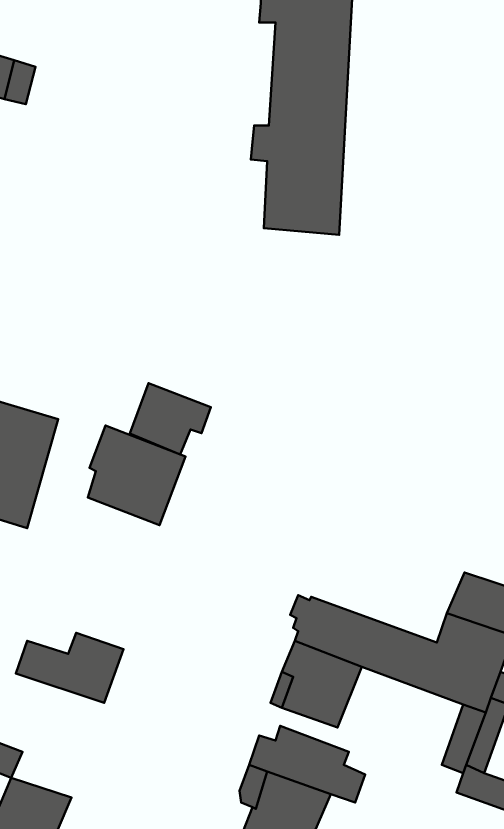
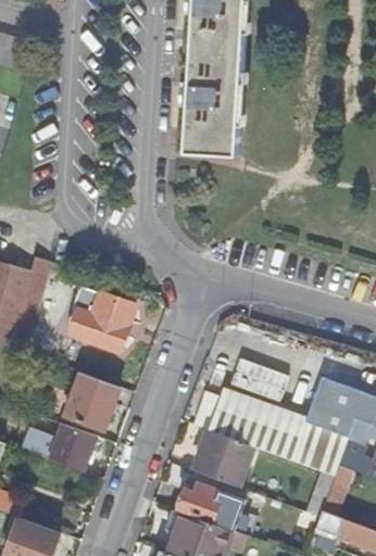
building: [130,383,211,454] -> none
building: none -> [230,354,292,397]
building: none -> [61,370,118,429]

